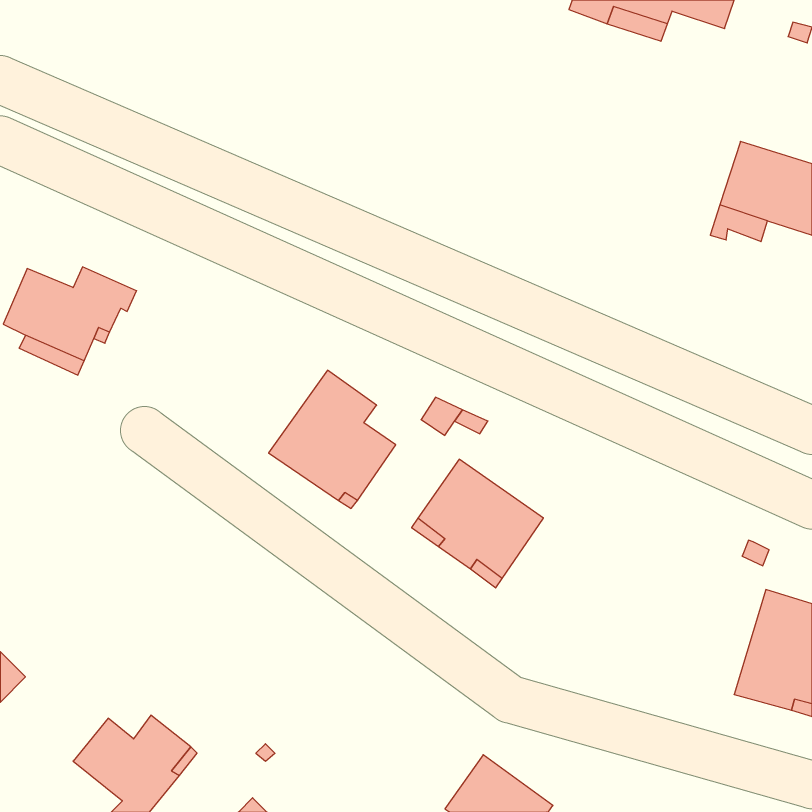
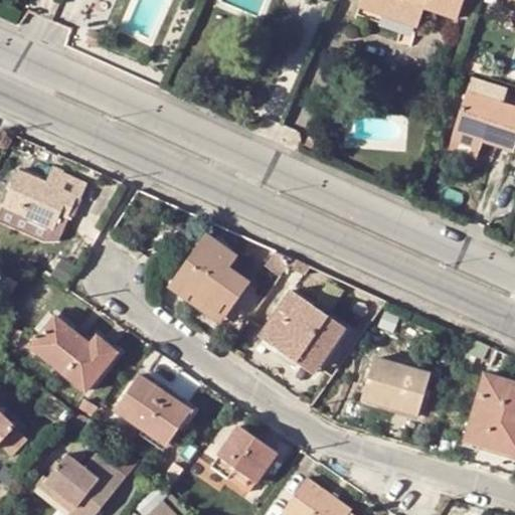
building: none -> [31,315,117,388]
building: none -> [362,358,430,414]
building: none -> [117,376,190,443]
building: none -> [210,426,276,487]

